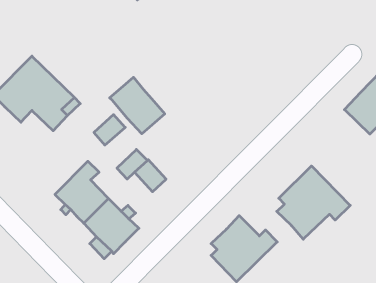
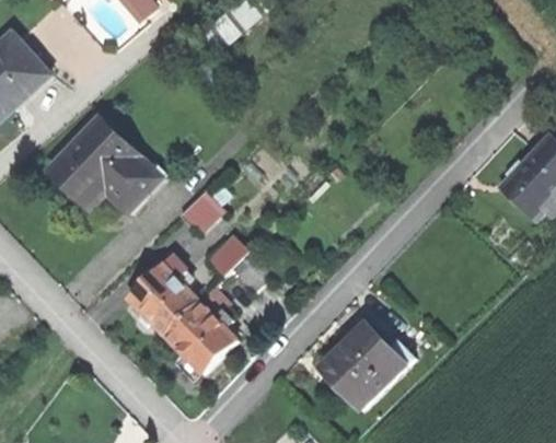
building: [110,77,165,134] -> none
building: [277,166,350,239] -> none

